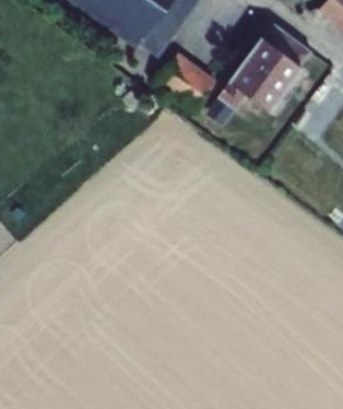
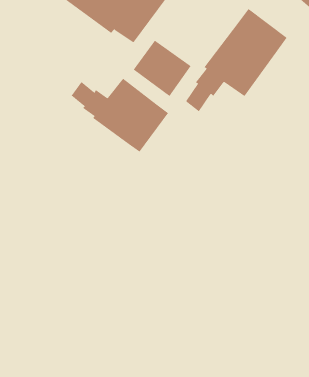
building: none -> [71,78,169,153]

